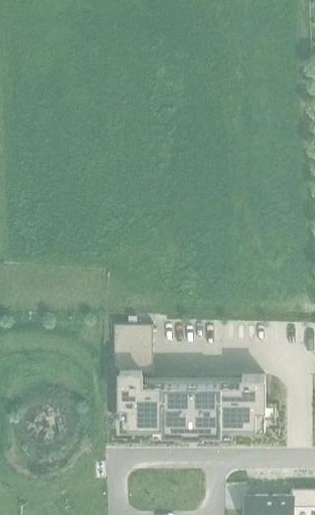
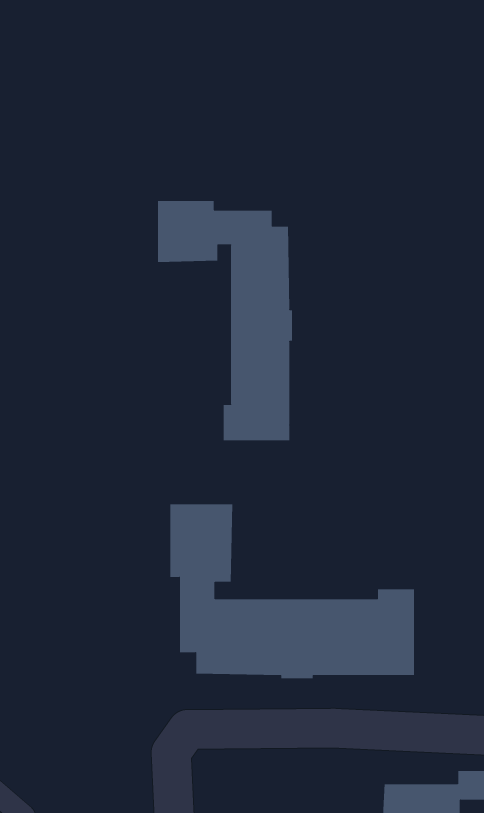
building: none -> [157,200,292,441]

